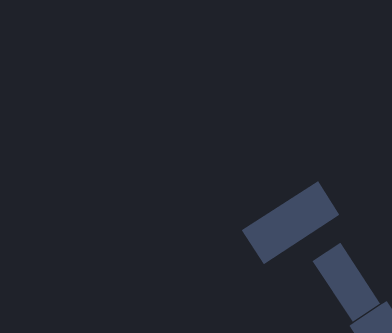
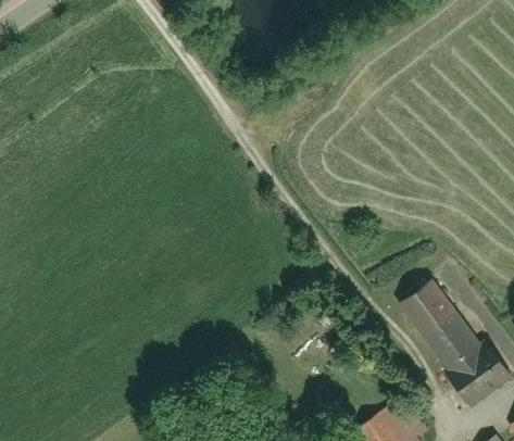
building: [241,180,340,265] -> none

